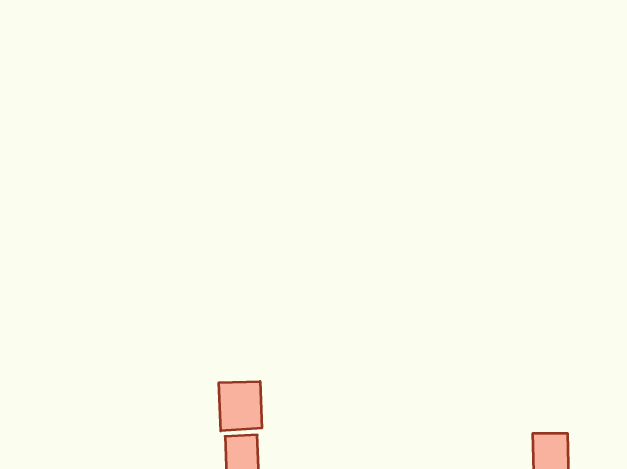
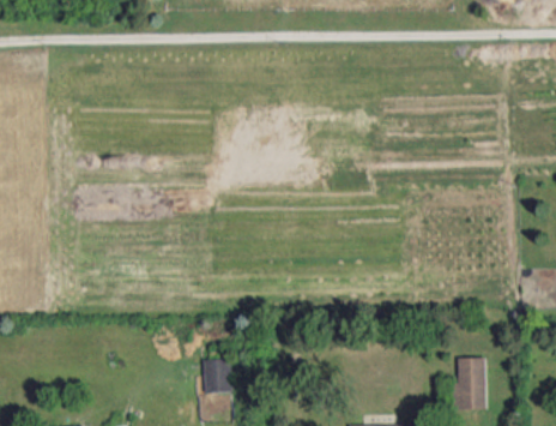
building: [219,381,262,431] -> none

